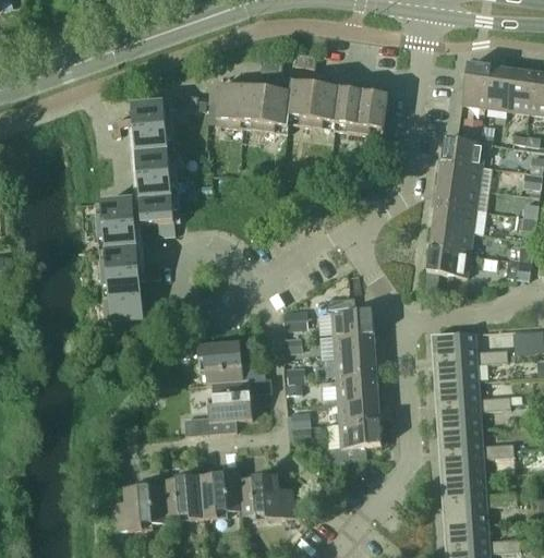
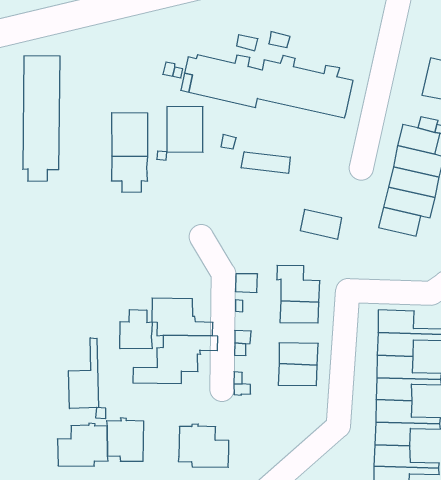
building: [131,100,173,151] -> [167,107,203,152]
building: none -> [241,152,290,173]
building: [95,197,143,332] -> [23,56,60,181]
building: [426,246,469,275] -> [300,209,342,239]
building: [334,353,376,378] -> none
building: none -> [120,310,152,349]
building: none -> [69,338,99,409]
building: [326,420,380,461] -> none
building: [200,470,240,517] -> none

